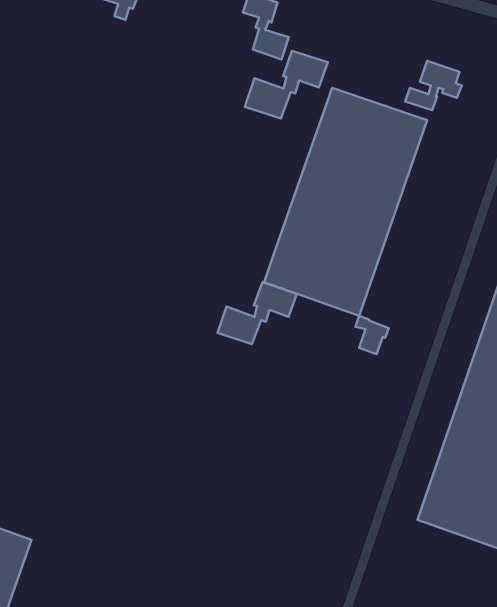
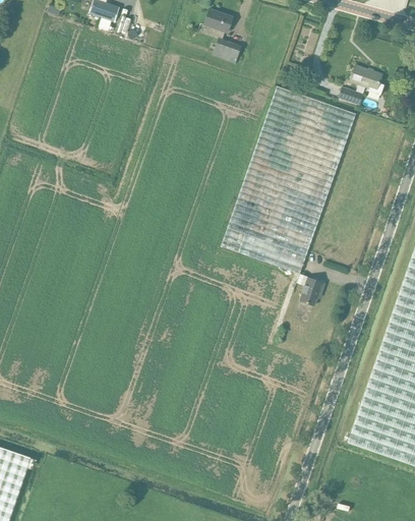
building: [245,51,328,118] -> none
building: [217,282,297,344] -> none

